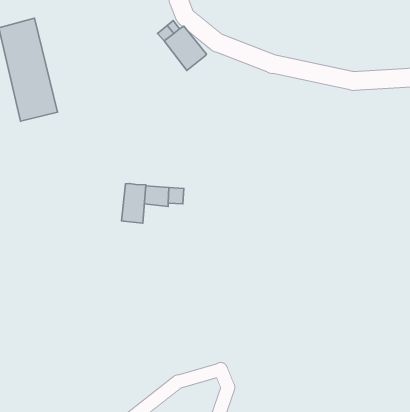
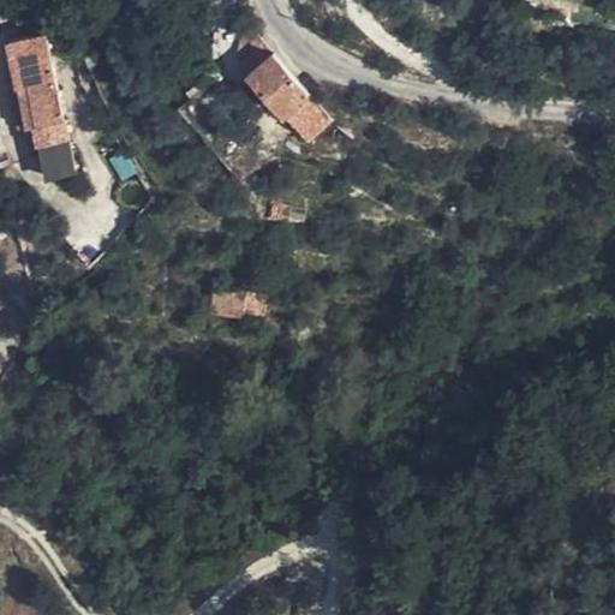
building: none -> [274,91,322,138]
building: [122,183,146,223] -> none

